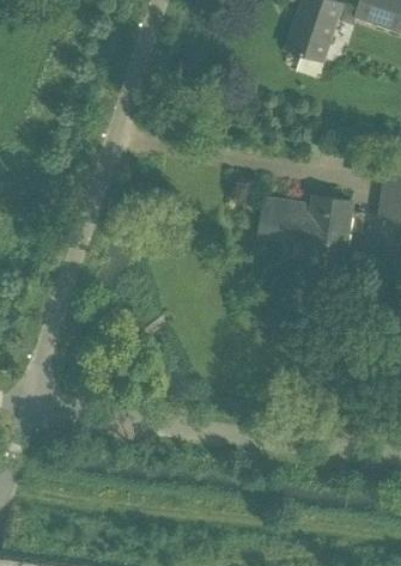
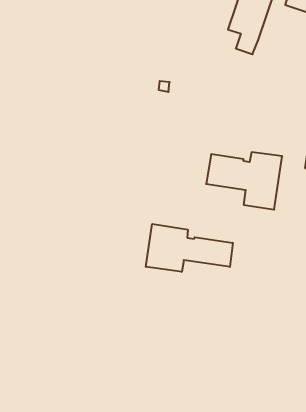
building: none -> [146,224,233,272]

